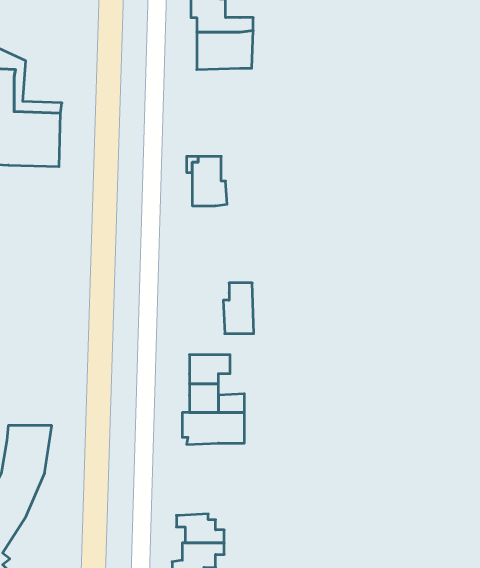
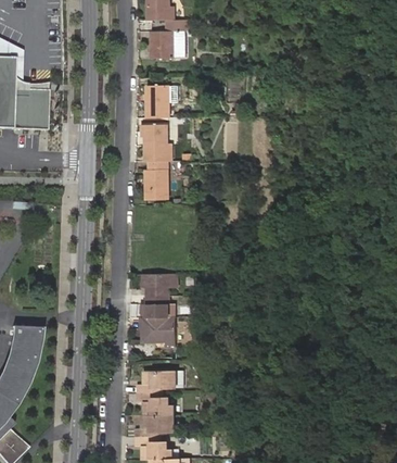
building: none -> [145,86,168,118]
building: [223,283,254,334] -> [143,162,166,200]
building: none -> [136,371,174,395]

